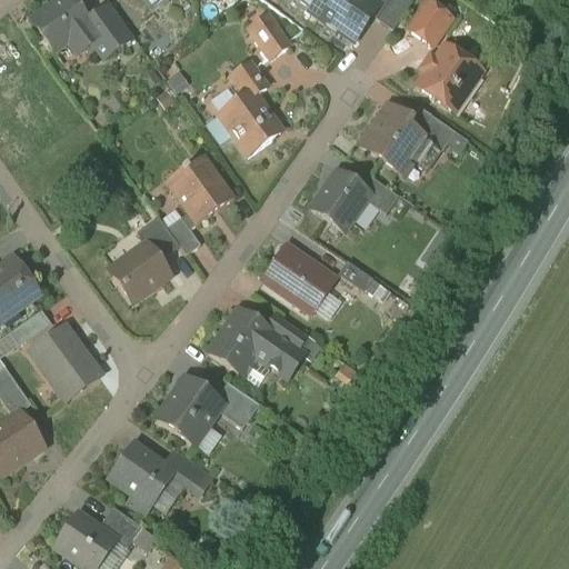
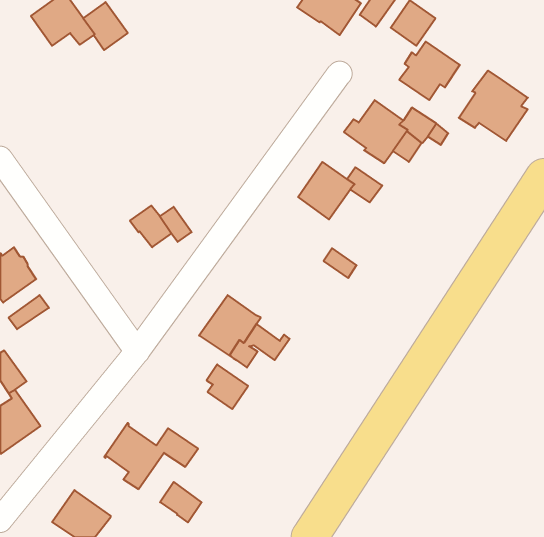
building: [249,13,289,57] -> none
building: [210,61,281,153] -> none
building: none -> [459,71,528,141]
building: [164,153,234,224] -> none
building: [109,241,169,300] -> none
building: [261,242,336,312] -> none
building: [268,313,308,356] -> none
building: [30,325,100,398] -> none
building: [157,376,222,442] -> none
building: [98,505,141,547] -> [160,482,202,522]

